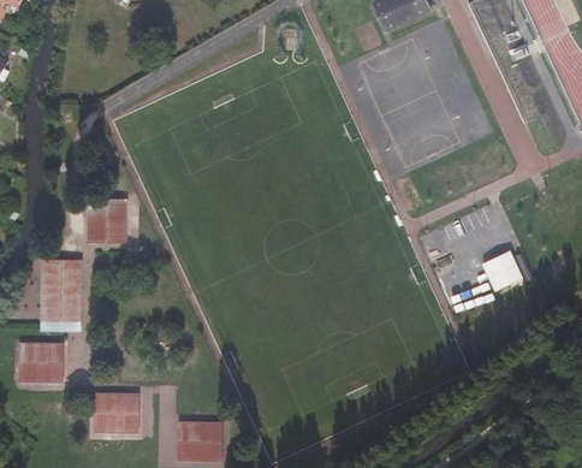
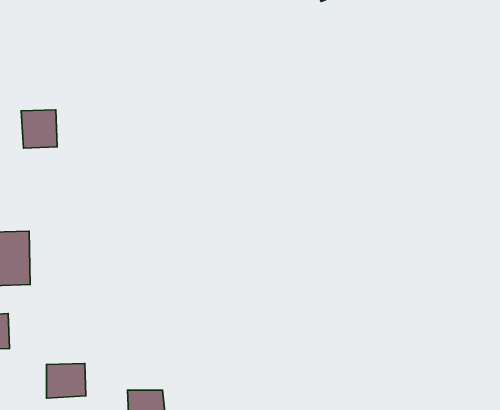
building: [87,205,124,244] -> [21,110,57,148]
building: [480,247,522,286] -> none

